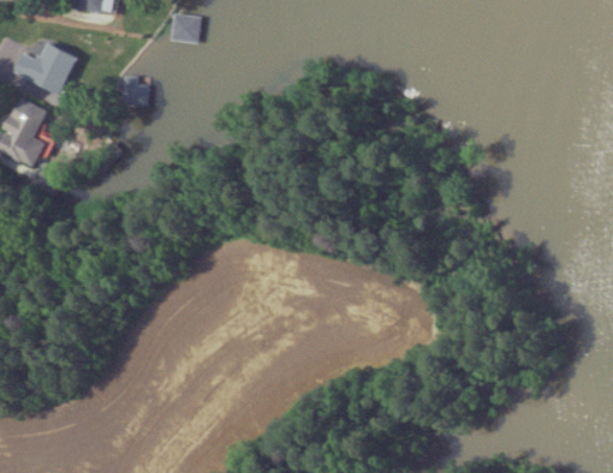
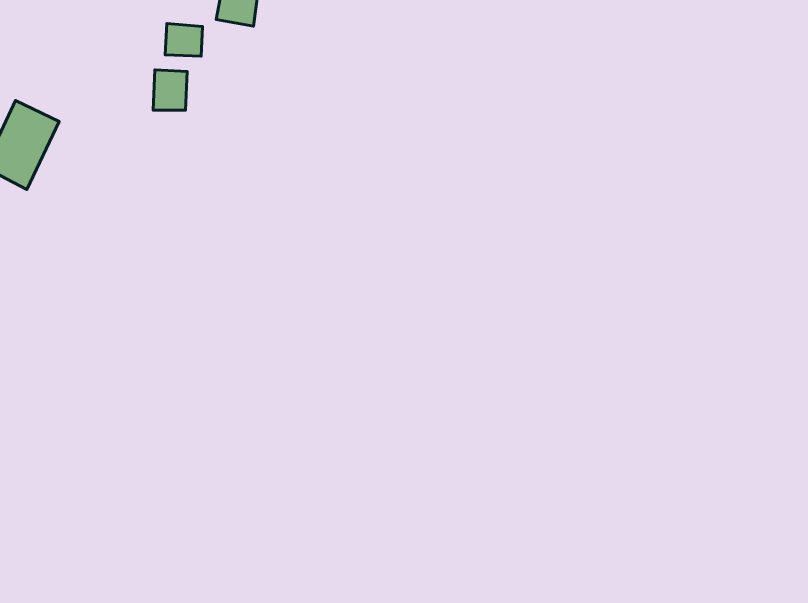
building: none -> [165,24,202,56]
building: [26,42,75,94] -> none

